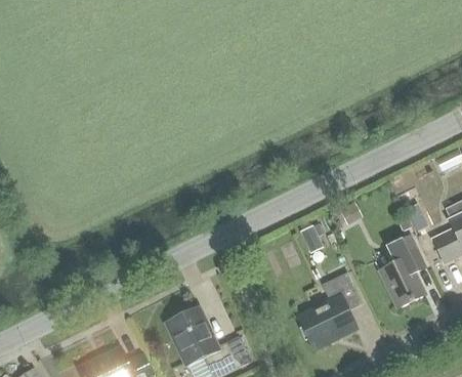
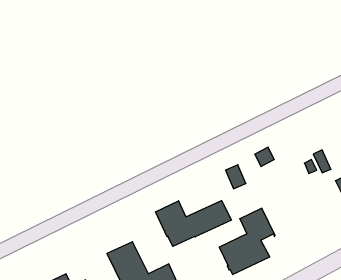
building: [379,236,426,307] -> none
building: none -> [155,201,231,246]

